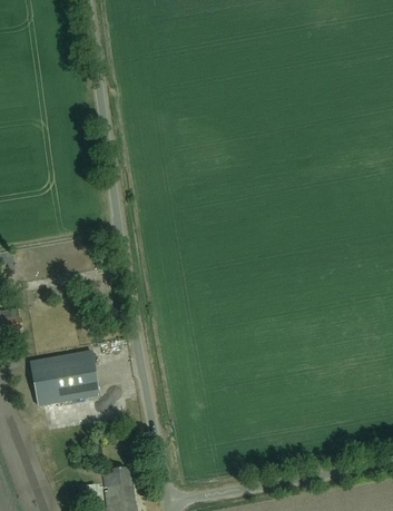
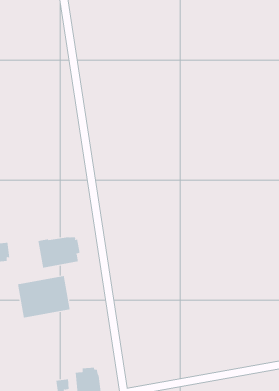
building: none -> [38,236,80,268]

